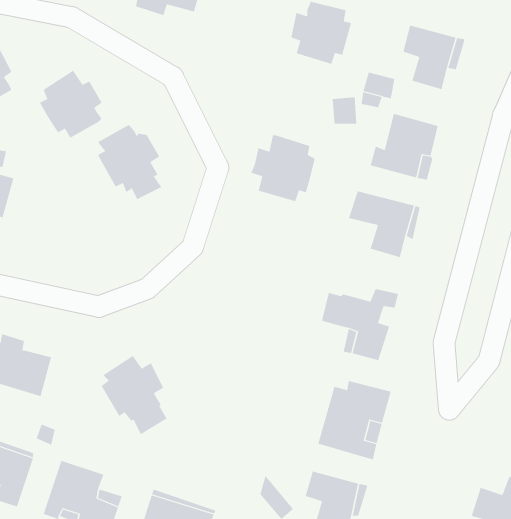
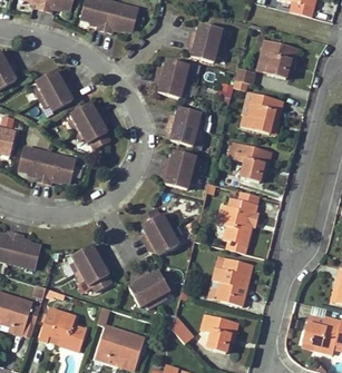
building: none -> [156,59,195,98]
building: none -> [22,148,79,185]
building: none -> [160,151,201,190]
building: none -> [138,208,180,256]
building: none -> [128,267,169,307]

